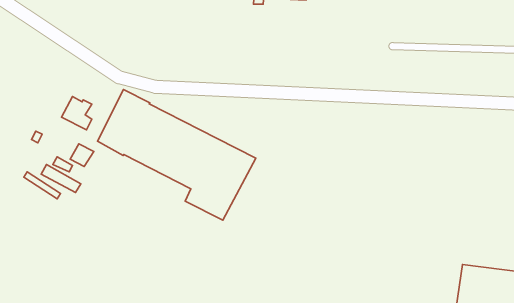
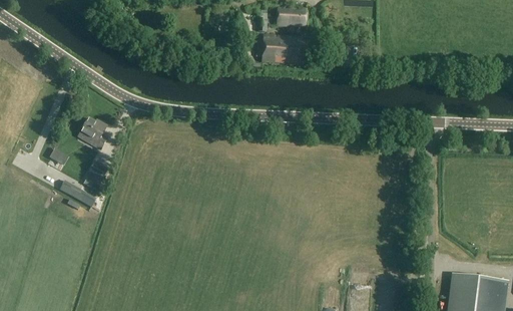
building: none -> [261,34,310,63]
building: [97,89,256,220] -> none

